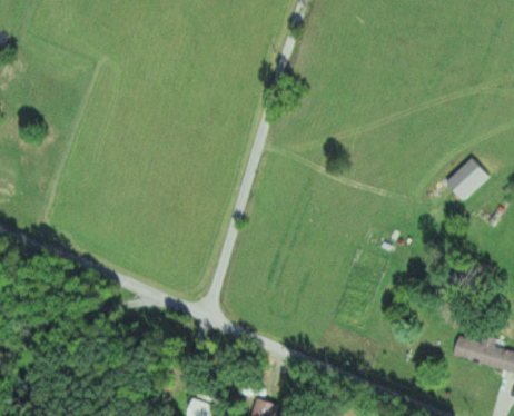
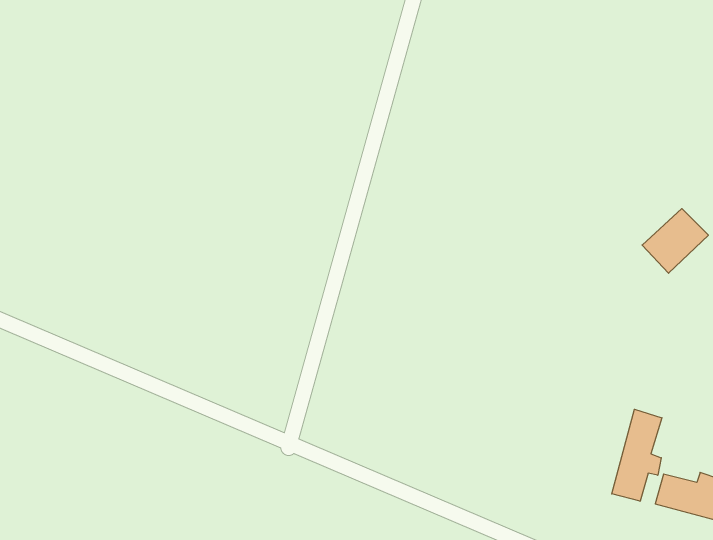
building: none -> [612,409,662,501]

